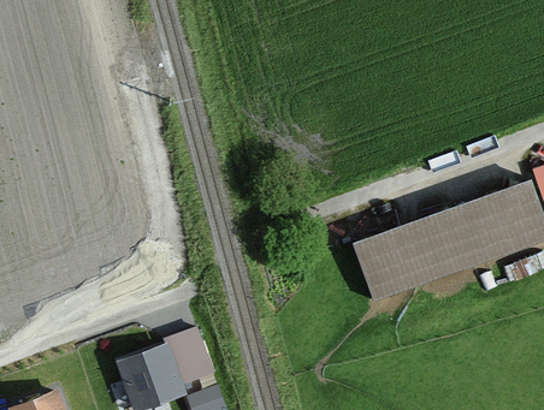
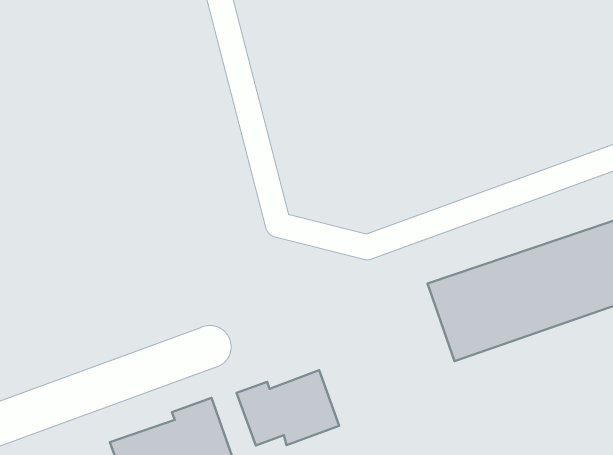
building: none -> [237,370,339,446]

